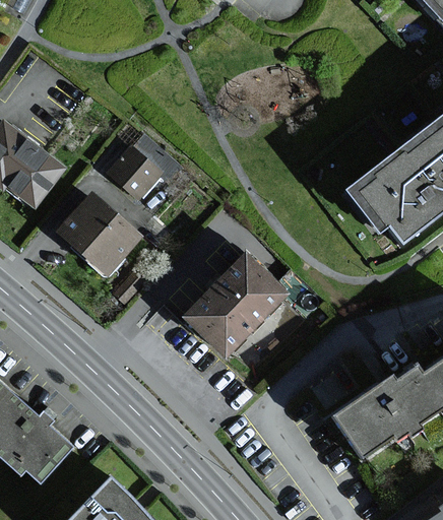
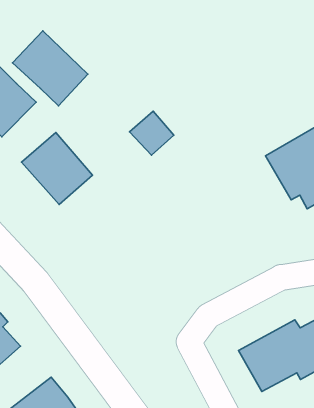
building: none -> [13,31,88,106]
building: [110,148,160,198] -> [130,111,174,155]
building: [181,255,289,362] -> none

